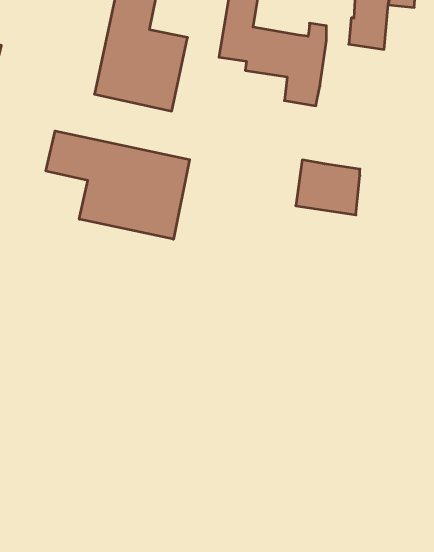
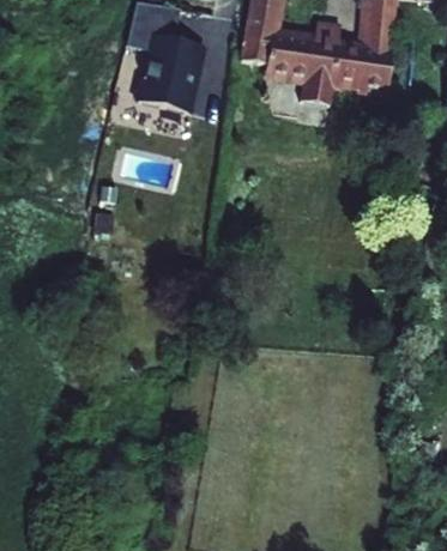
building: [46,131,190,239] -> none
building: [296,160,360,215] -> [334,44,393,95]

